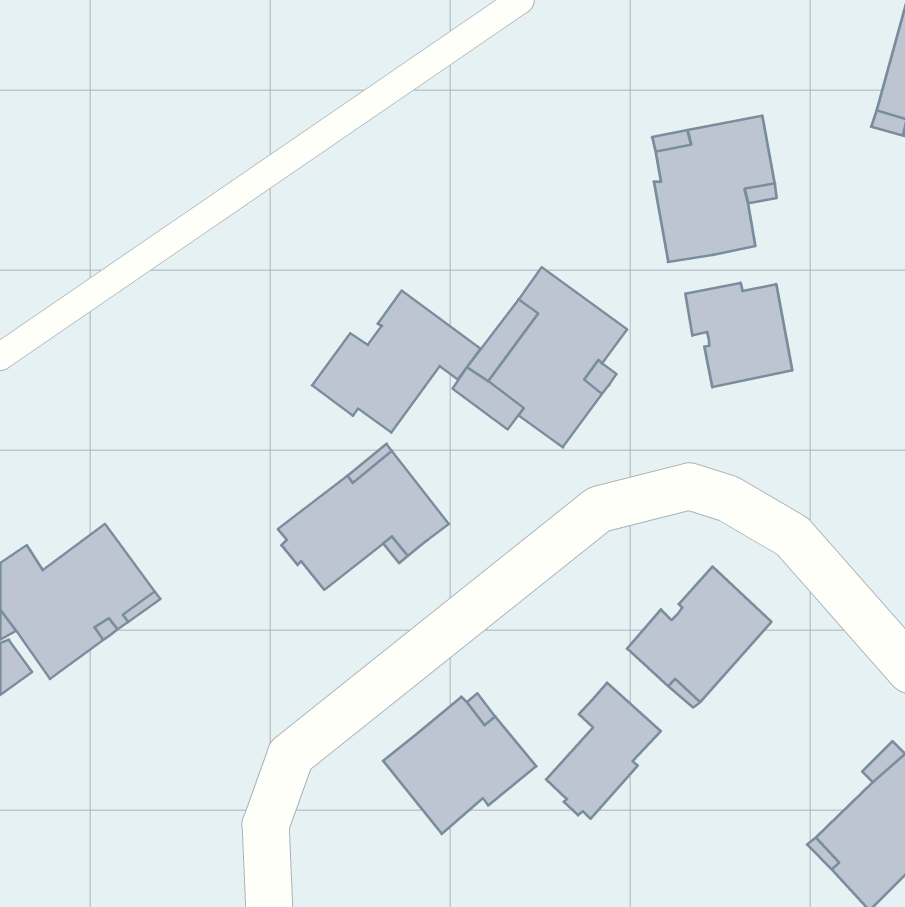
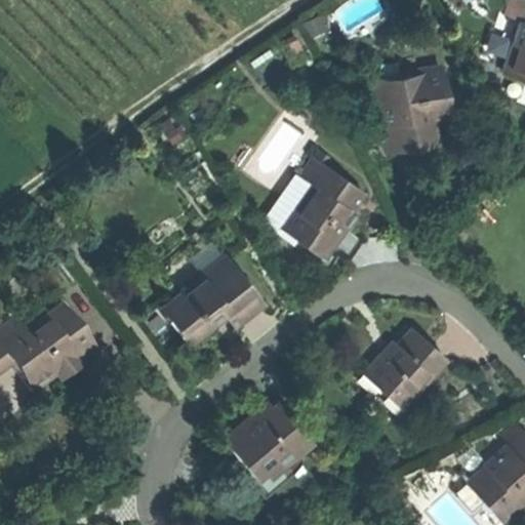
building: [685,283,792,387] -> none
building: [312,291,481,433] -> none
building: [546,683,661,819] -> none

